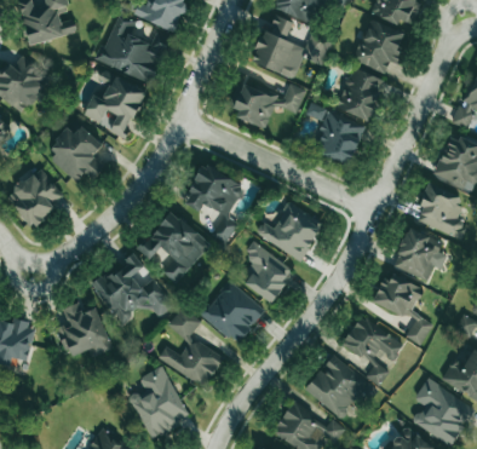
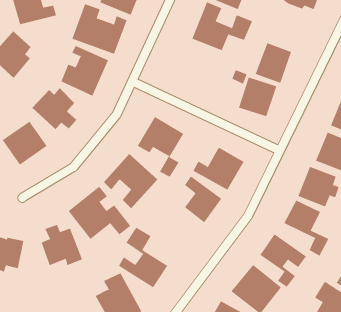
building: [354,19,406,73] -> none
building: [231,84,305,128] -> none
building: [201,281,264,345] -> none

